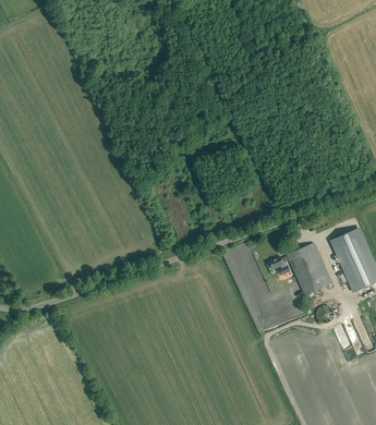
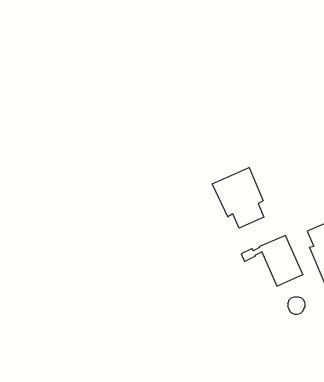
building: none -> [212,167,264,228]

